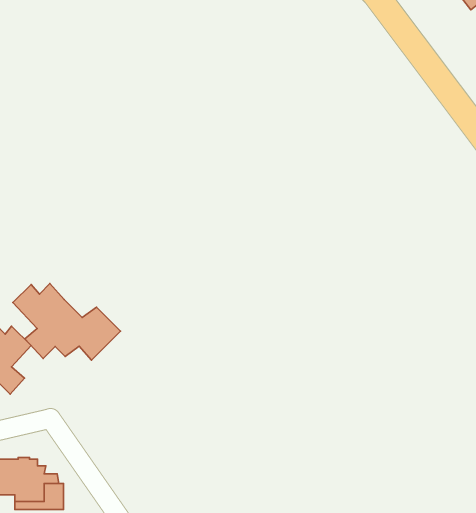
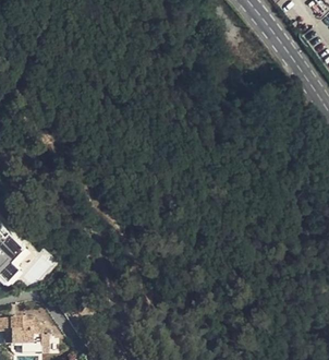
building: [13,284,120,360] -> none

